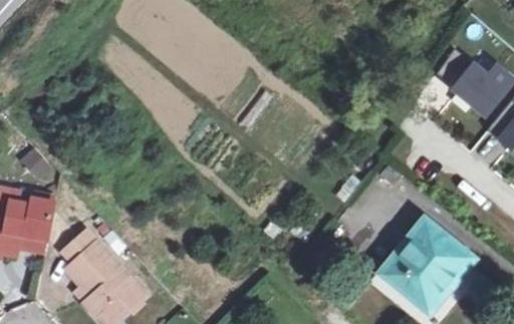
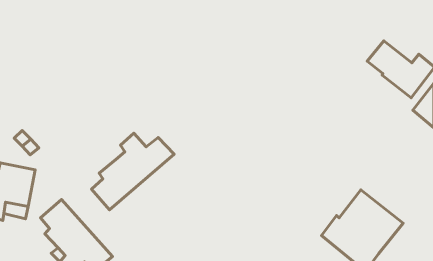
building: none -> [91,133,174,210]

